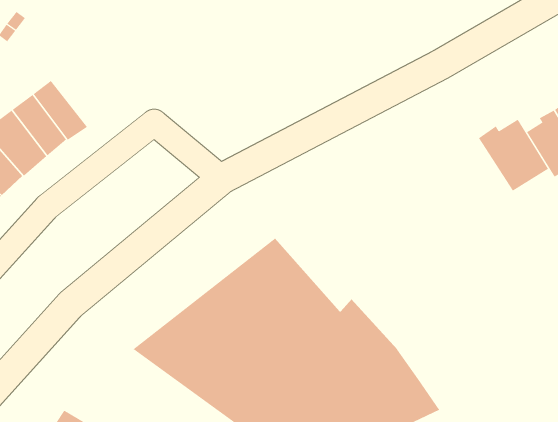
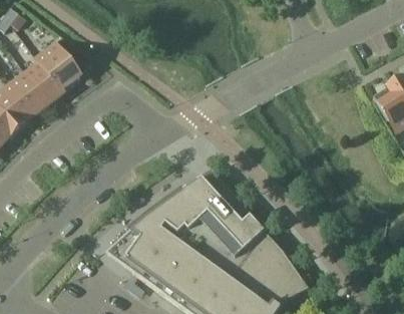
building: none -> [36,40,81,91]
building: [478,119,549,192] -> none

